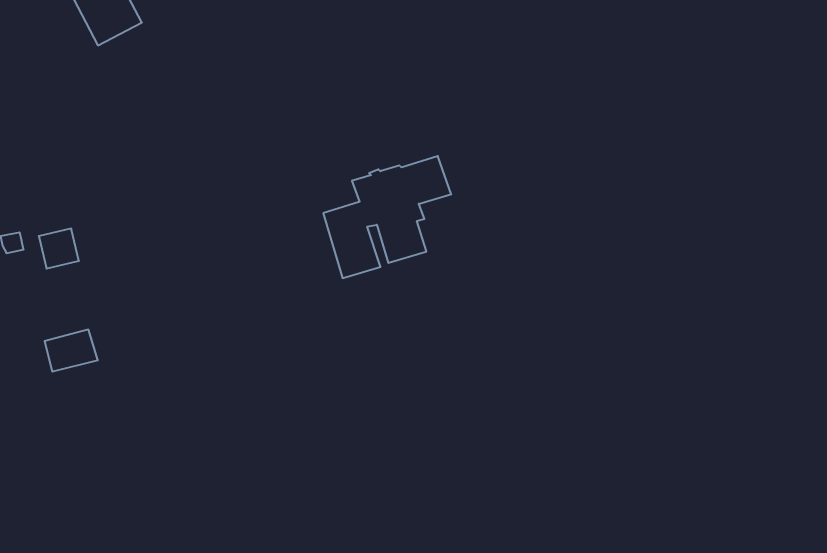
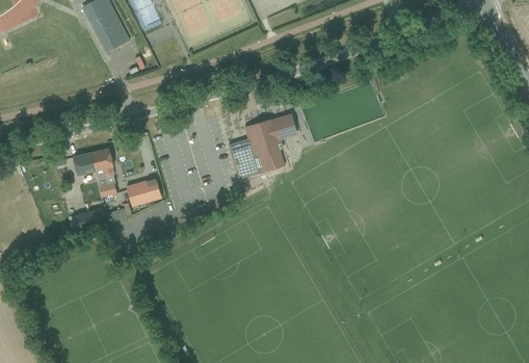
building: none -> [91,148,116,196]
building: none -> [127,177,162,206]

